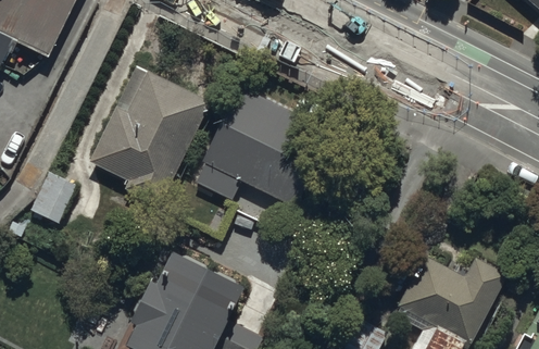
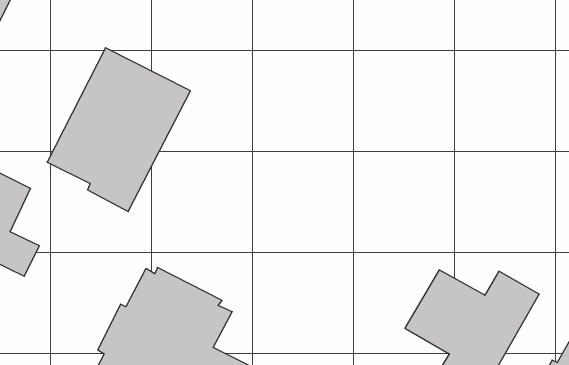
building: [196,85,319,207] -> none

